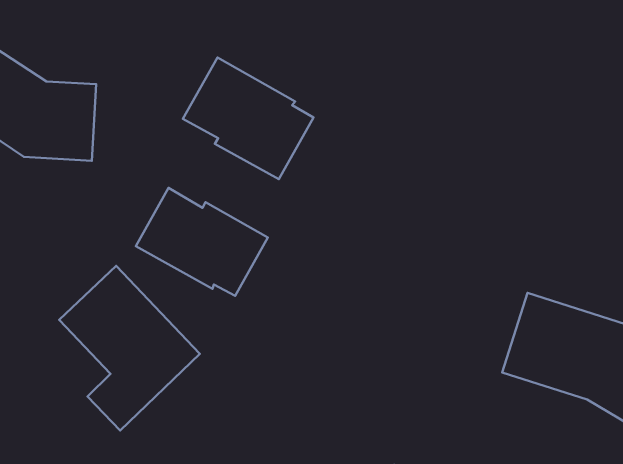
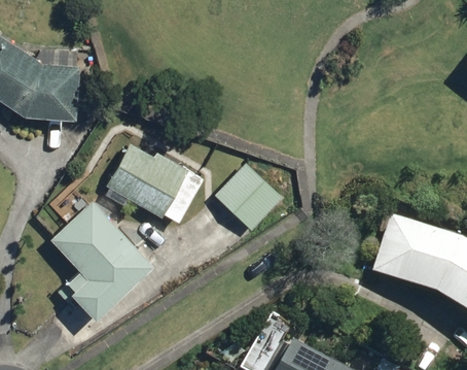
building: [183,57,313,179] -> none
building: none -> [216,159,283,225]

